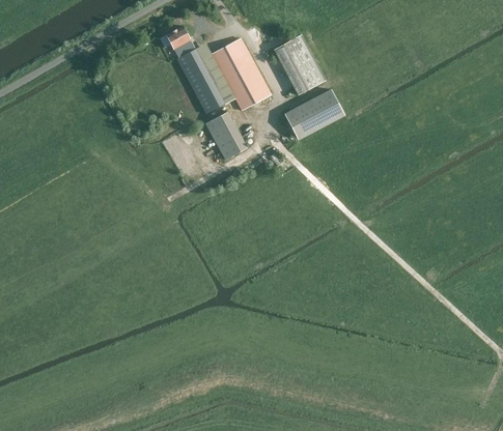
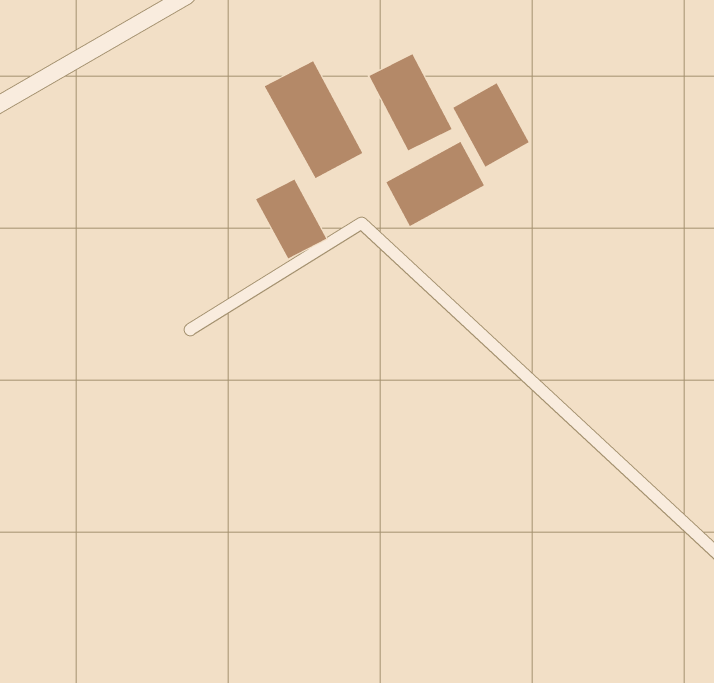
building: [166,26,225,113] -> none
building: none -> [452,82,530,168]

